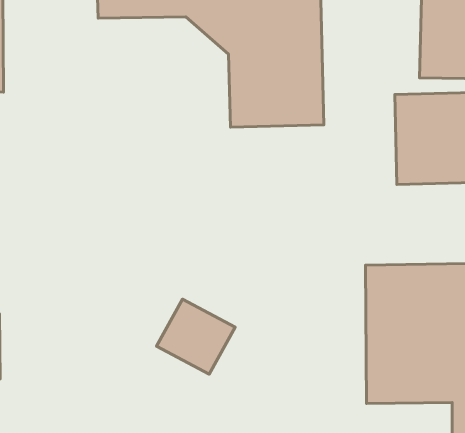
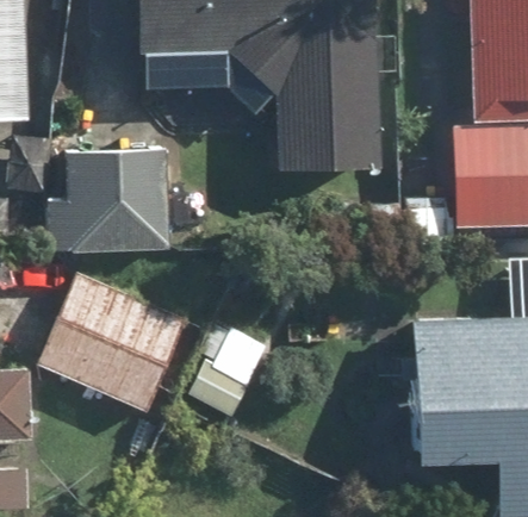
building: none -> [51,144,172,253]
building: none -> [37,280,179,410]

